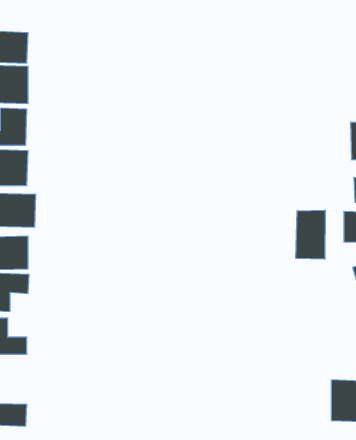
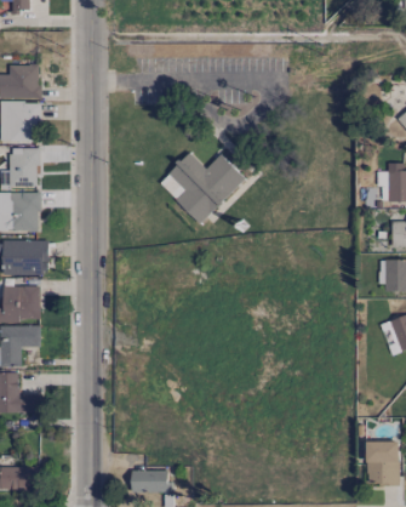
building: none -> [159,152,245,223]
building: [296,210,325,259] -> none
building: none -> [132,469,170,491]

